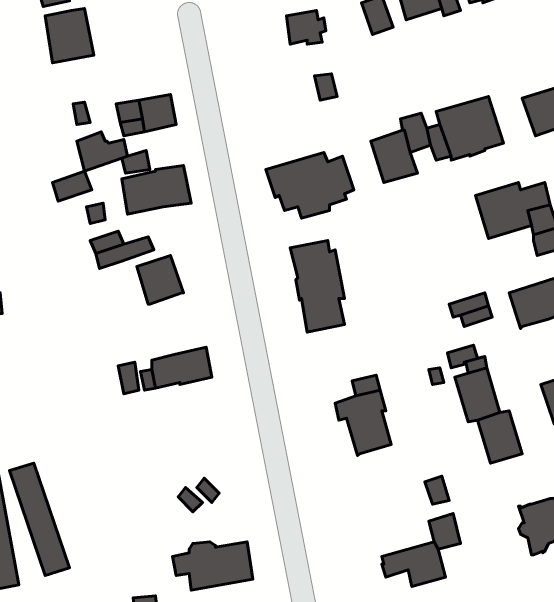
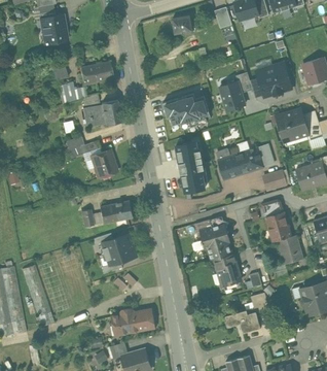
building: none -> [217,145,272,180]
building: none -> [103,235,138,268]
building: none -> [213,254,240,284]

